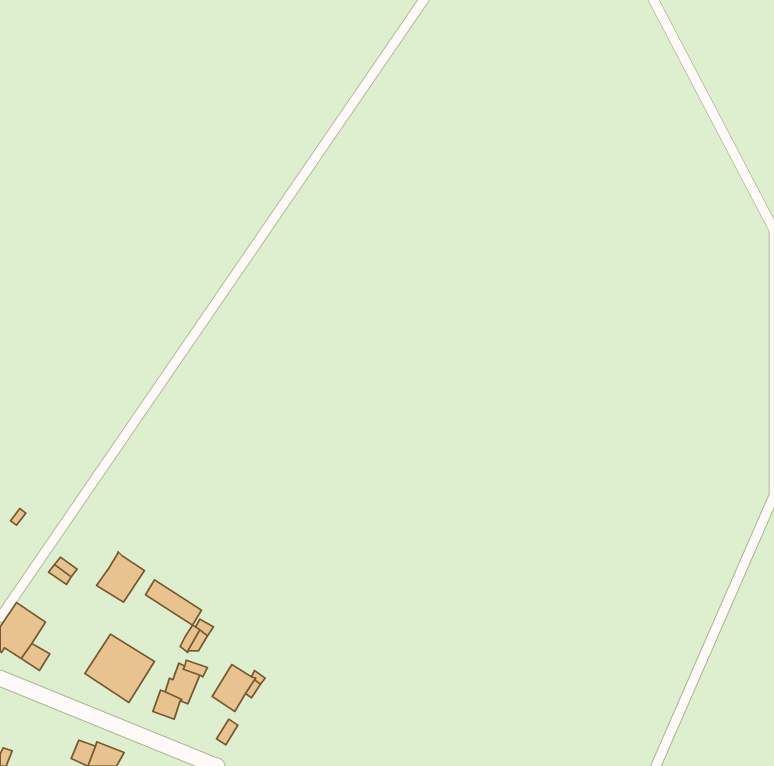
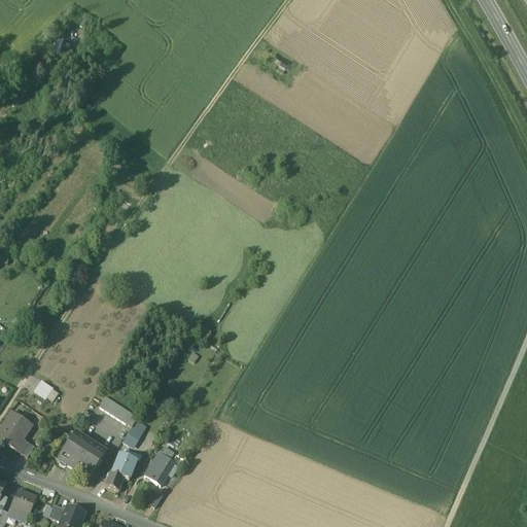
building: [97,552,144,602] -> none
building: none -> [9,488,36,515]

